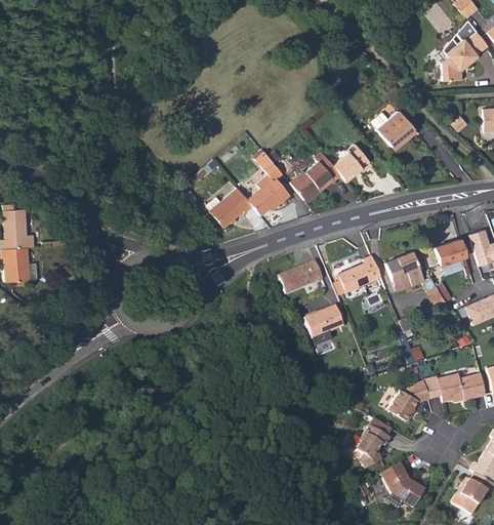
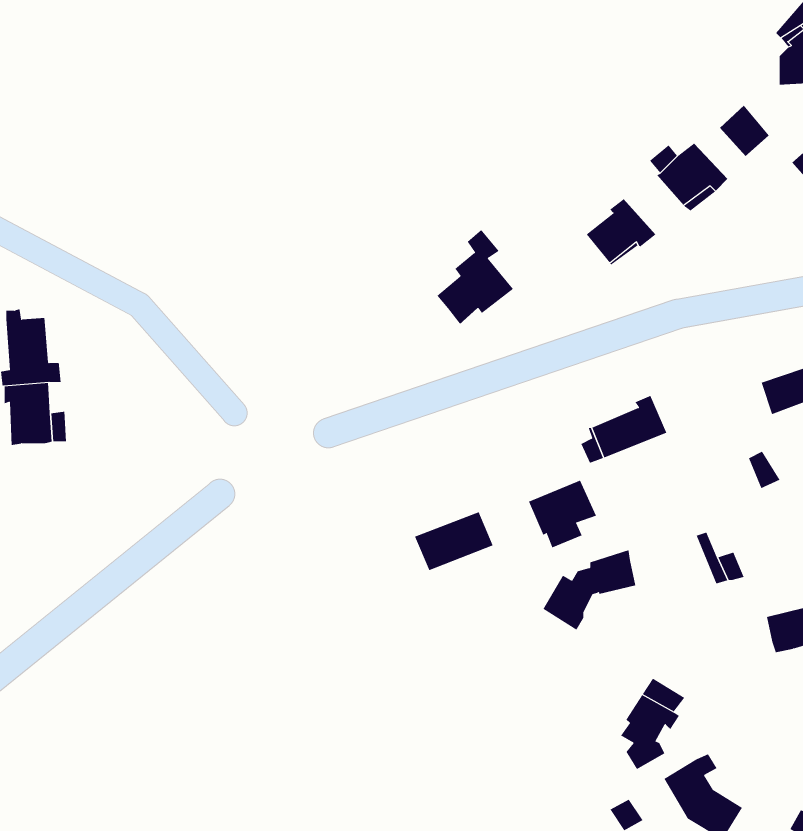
building: none -> [719,105,769,157]
building: [292,152,343,203] -> none
building: [211,187,255,227] -> none
building: [384,252,422,290] -> none
building: [277,260,322,294] -> [414,511,494,571]
building: [386,375,440,421] -> [543,550,636,631]

